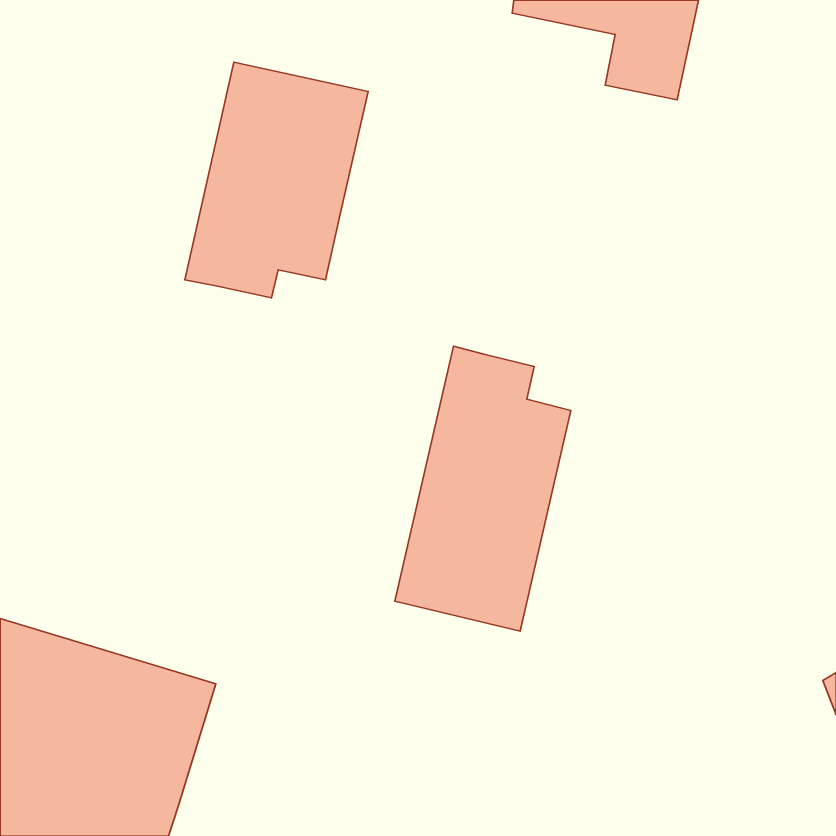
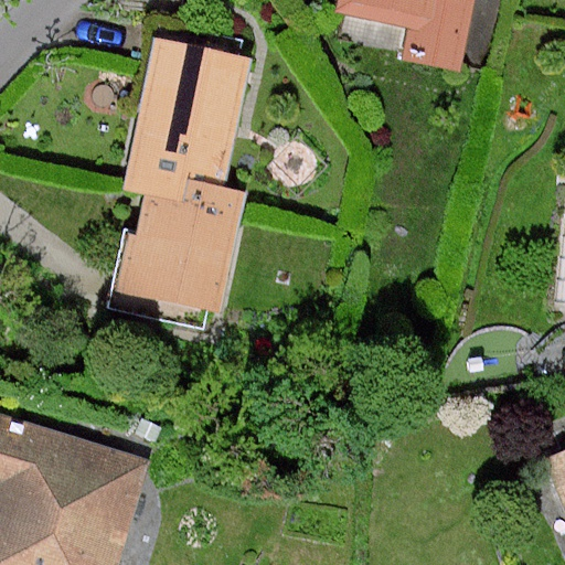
building: none -> [125,182,241,309]
building: [395,346,571,631] -> none

